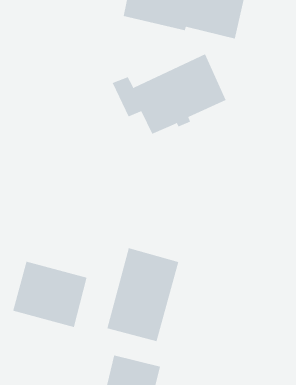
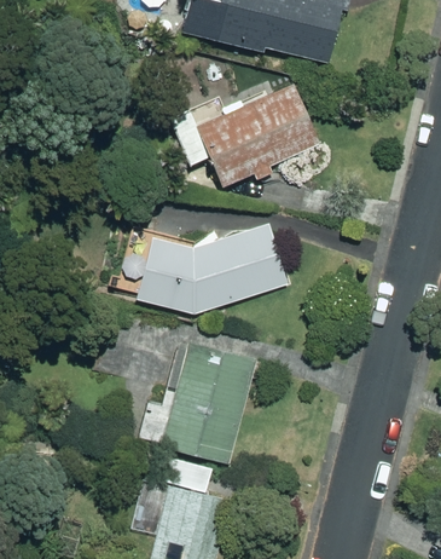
building: none -> [134,221,288,315]
building: [12,261,87,328] -> none

